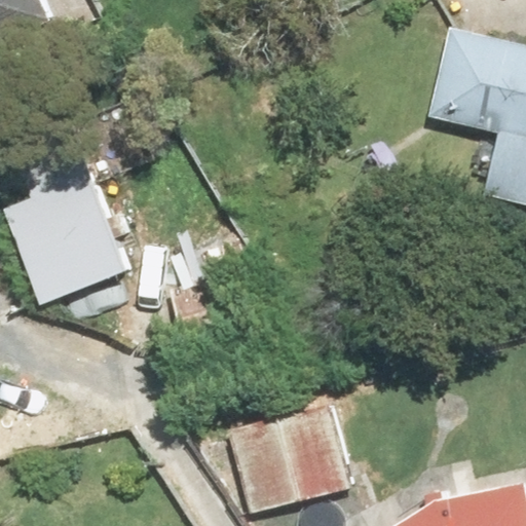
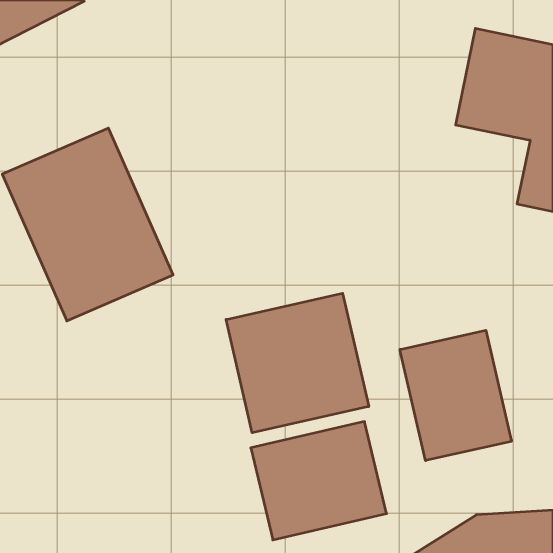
building: none -> [226,293,369,433]
building: none -> [400,330,511,461]

